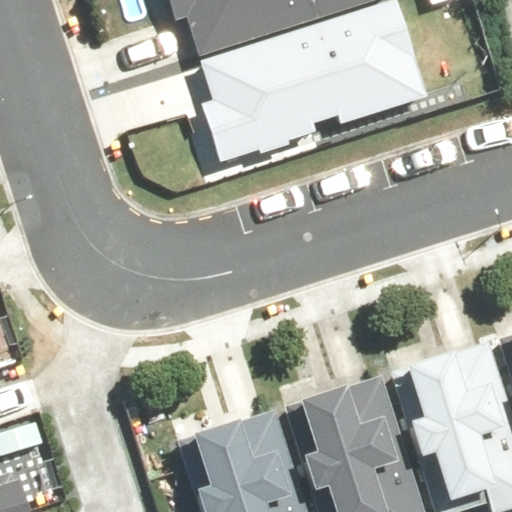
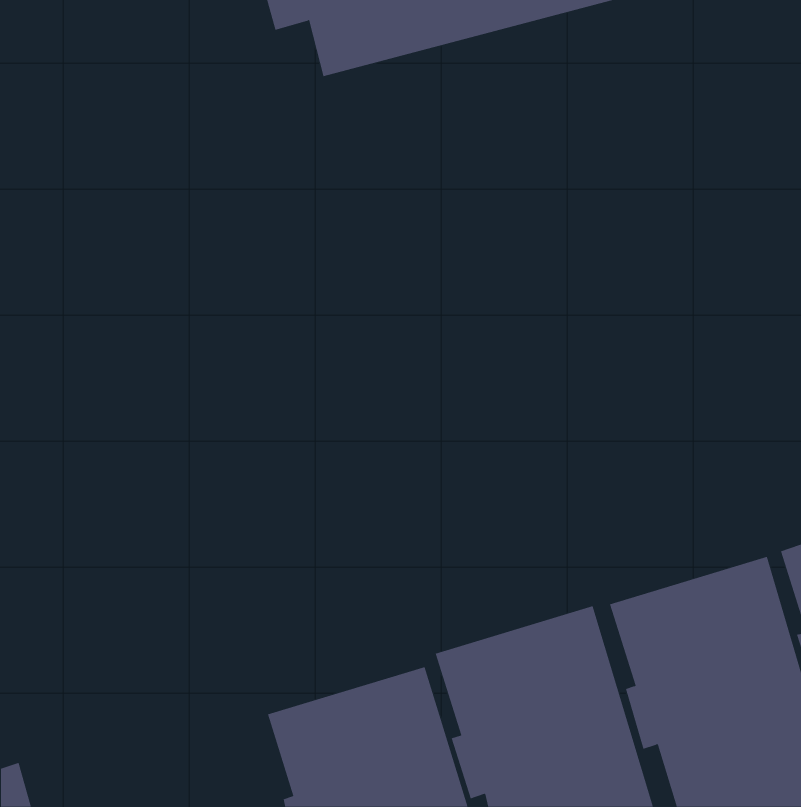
building: [206,12,426,154] -> none

